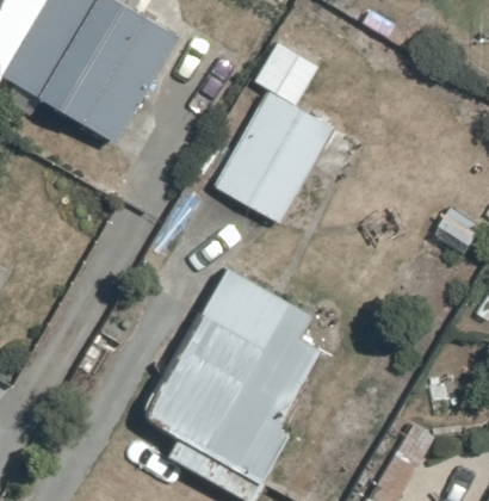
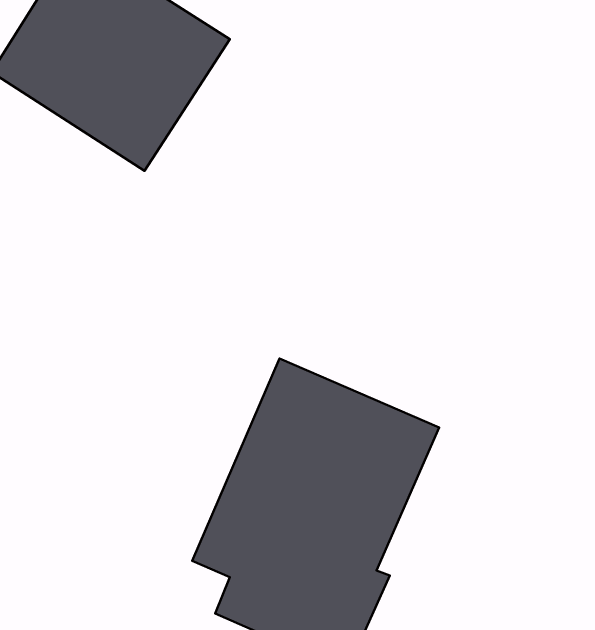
building: [206,38,334,221] -> none

